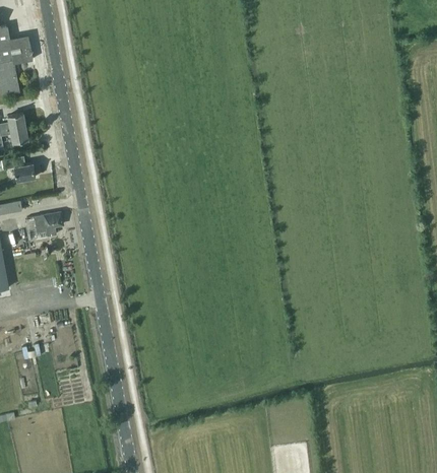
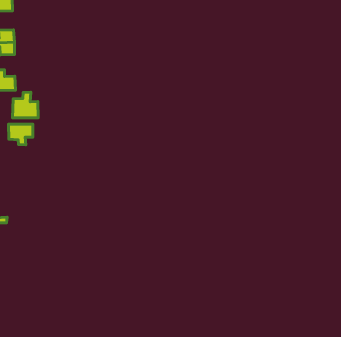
building: none -> [13,92,38,118]

